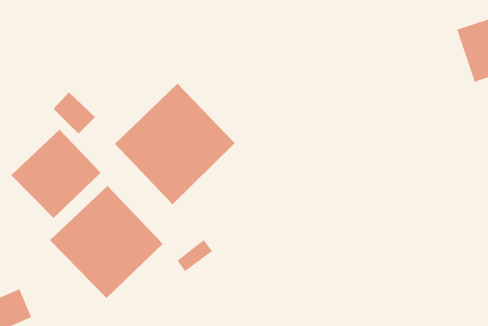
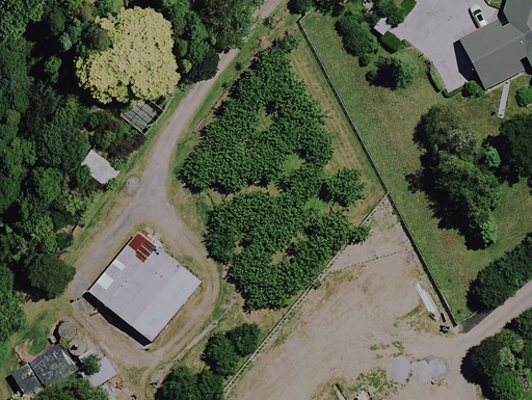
building: [114,83,236,205] -> none
building: [11,129,101,219] -> none

